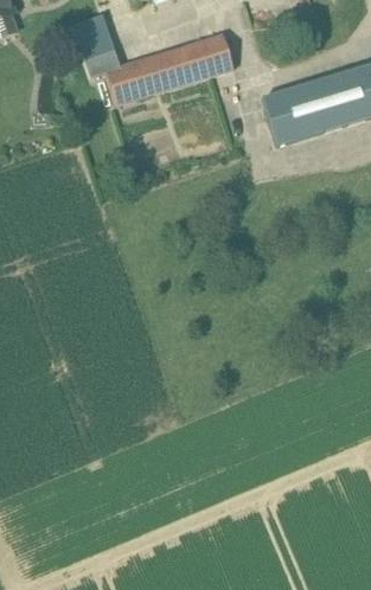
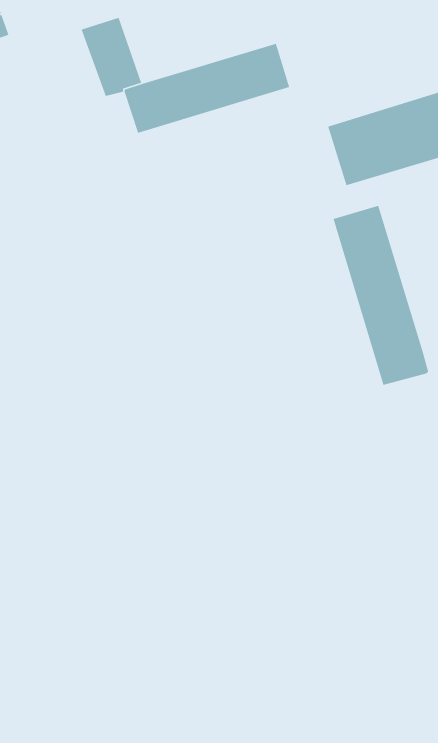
building: none -> [333,205,429,386]

